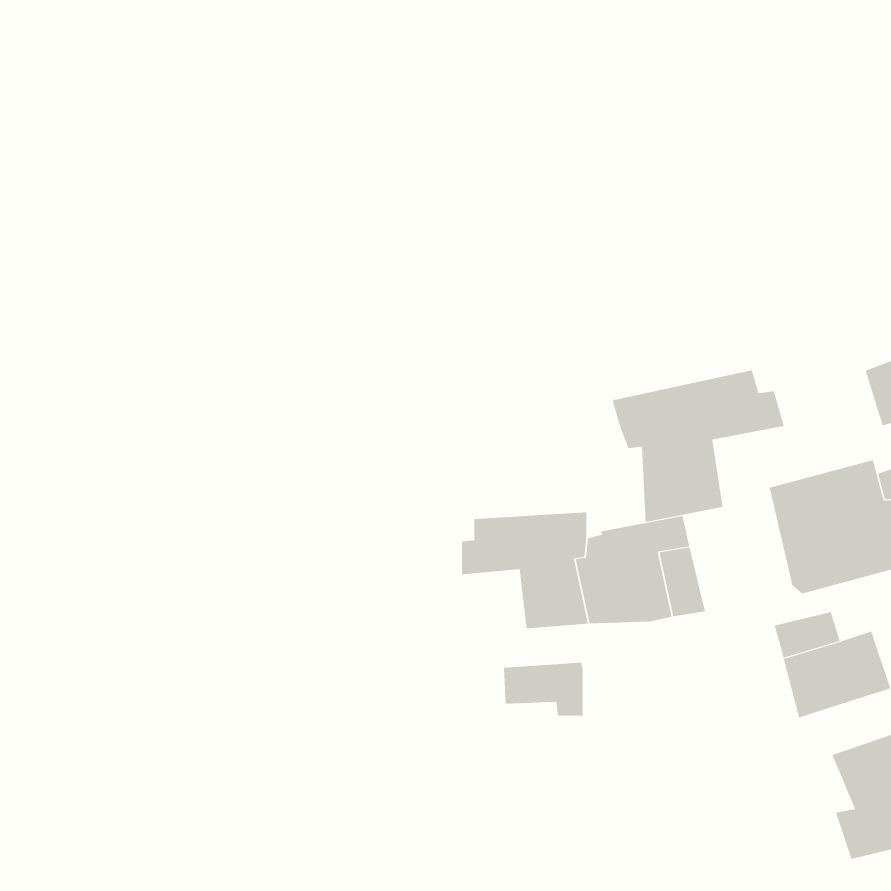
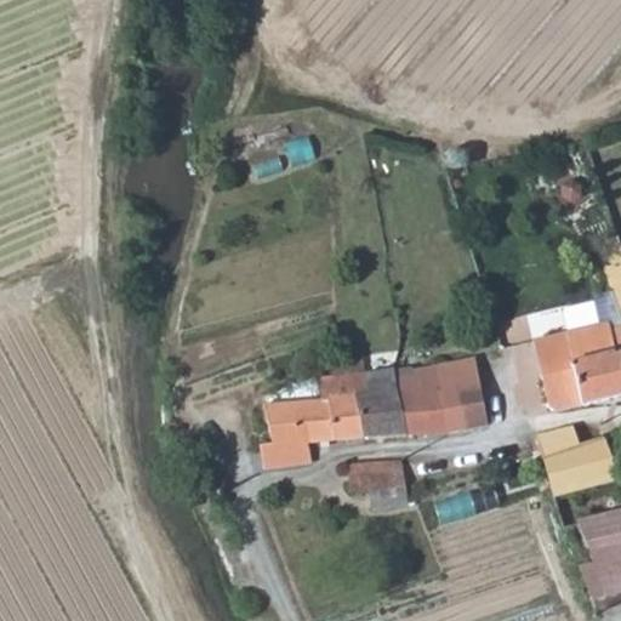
building: [612,370,785,523] -> none
building: none -> [262,395,366,467]

